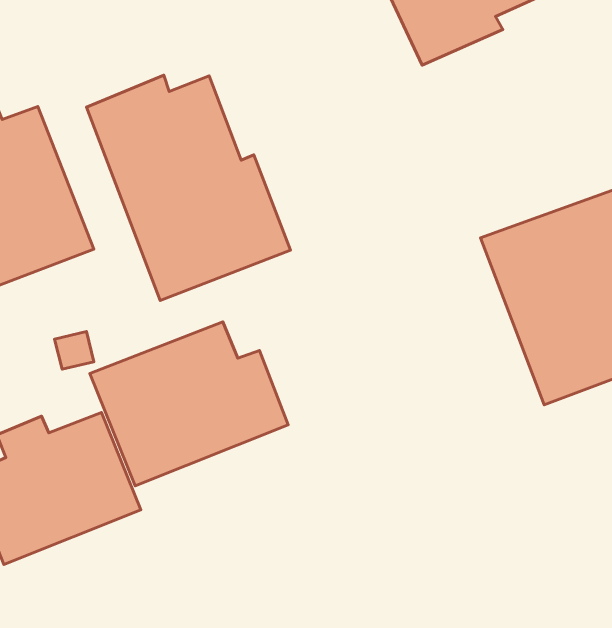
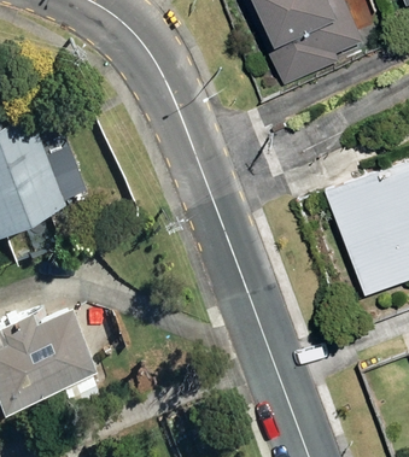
building: [87,75,290,300] -> none
building: [90,322,288,486] -> none

